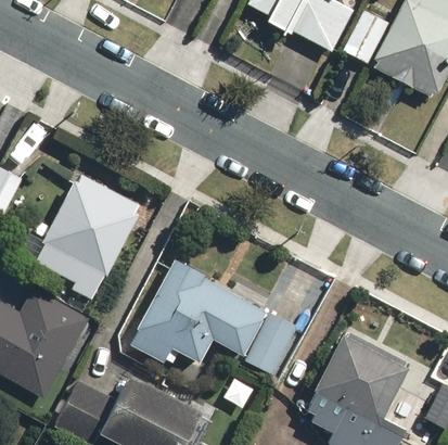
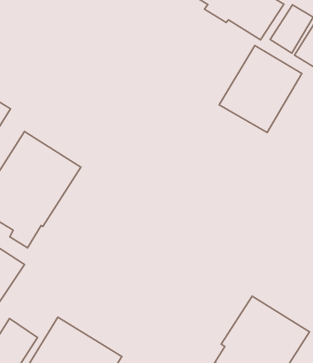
building: none -> [219,45,302,132]
building: [128,259,296,373] -> none

